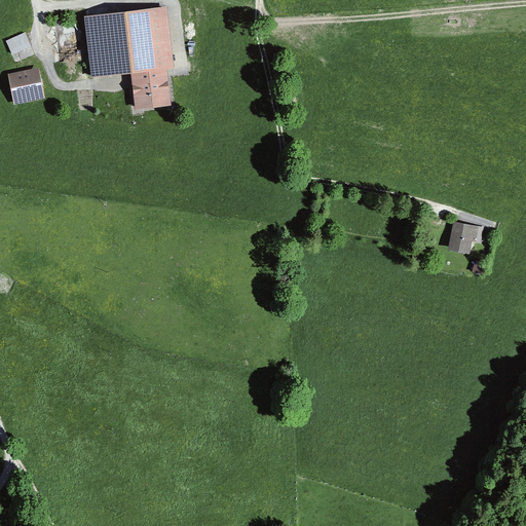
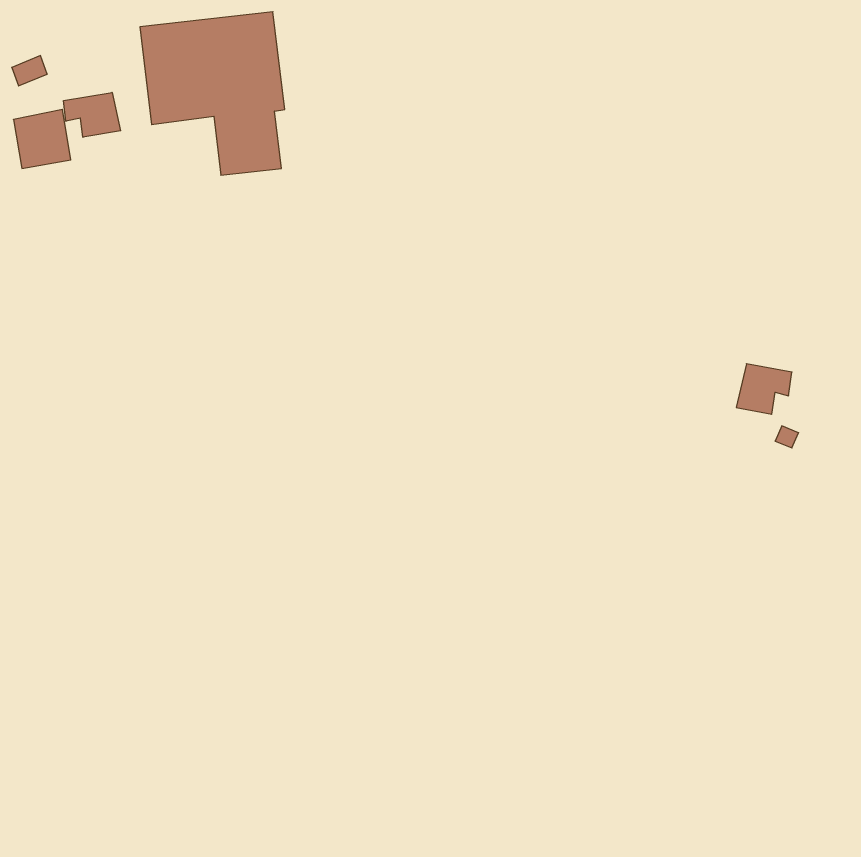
building: none -> [64,92,121,137]

